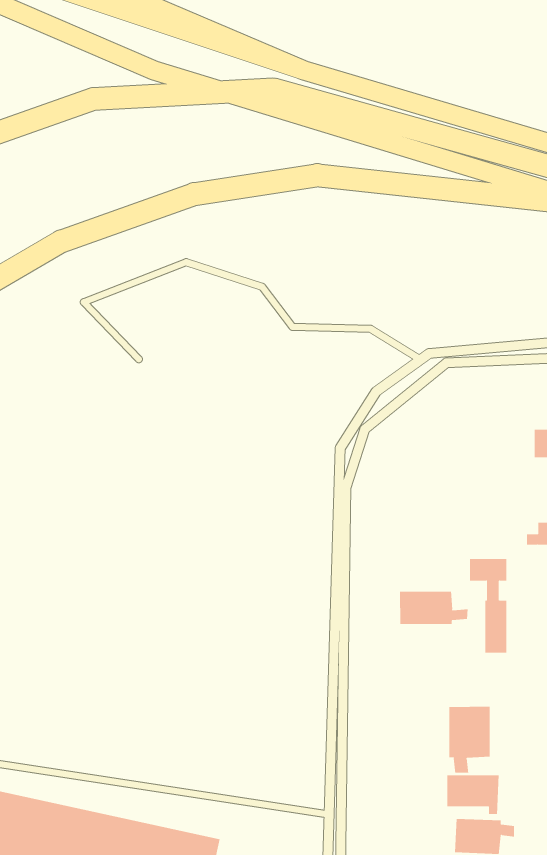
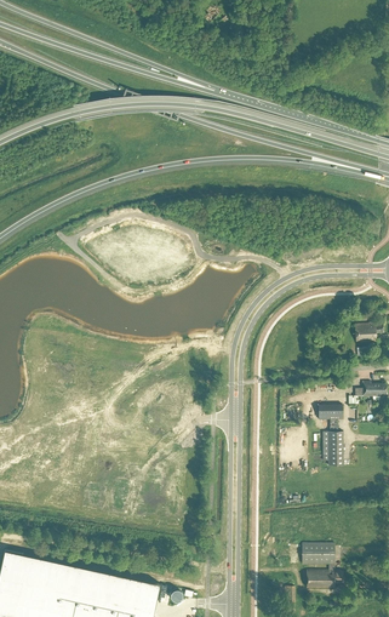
building: [399,591,468,625] -> none
building: [449,706,490,774] -> none

